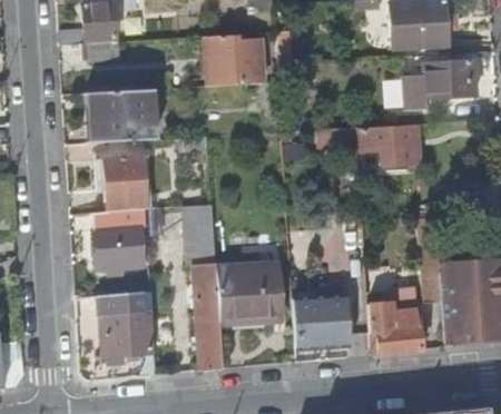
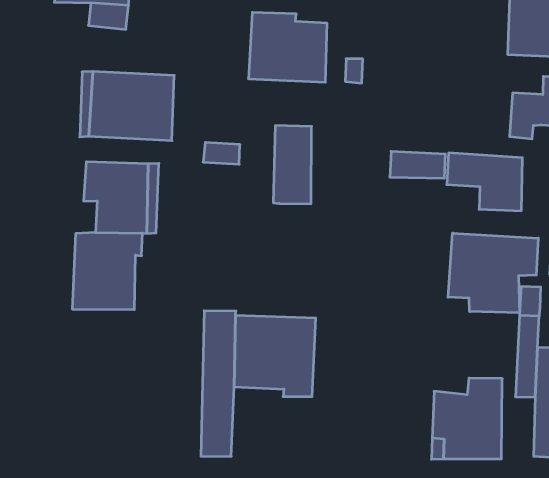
building: none -> [448,233,538,313]
building: [184,203,216,262] -> [273,126,312,204]
building: [96,292,154,356] -> none
building: [293,292,350,346] -> none

